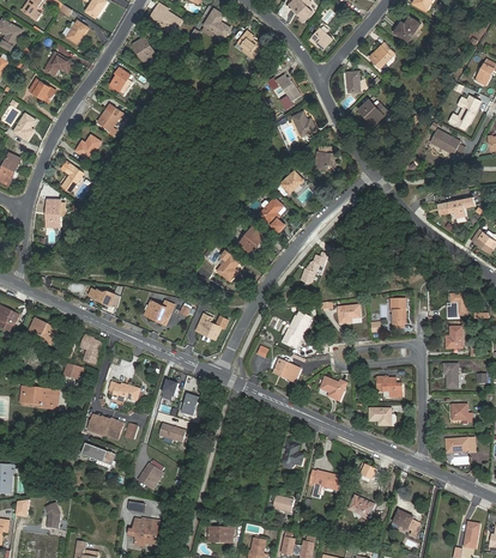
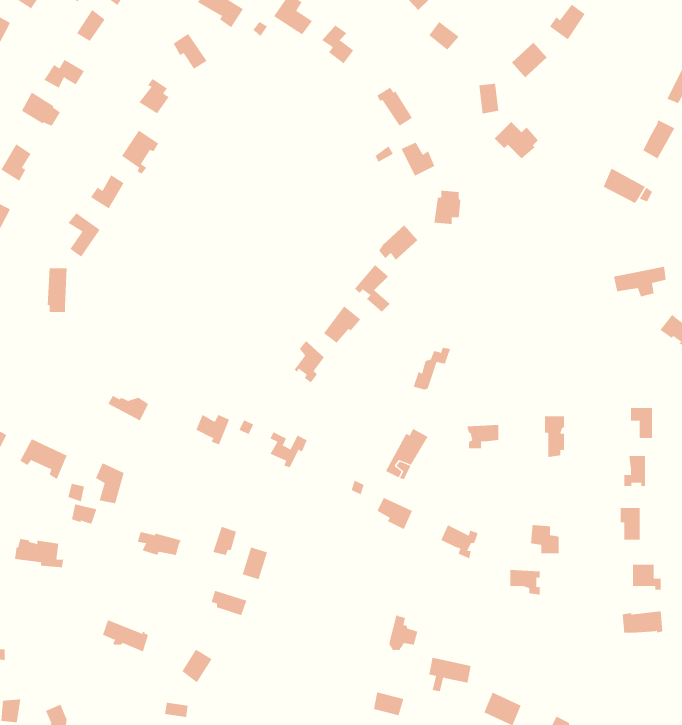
building: [89,414,125,439] -> none

